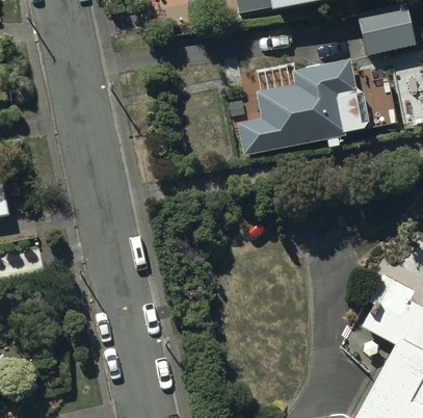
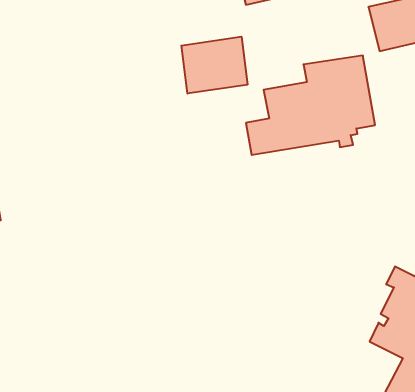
building: none -> [181,37,247,94]

